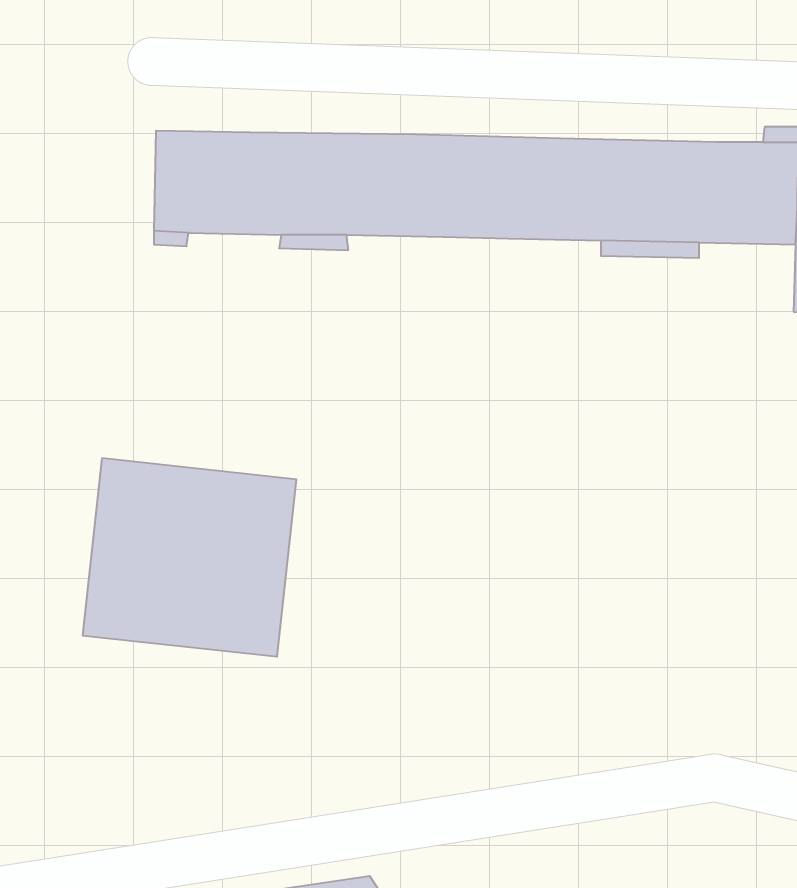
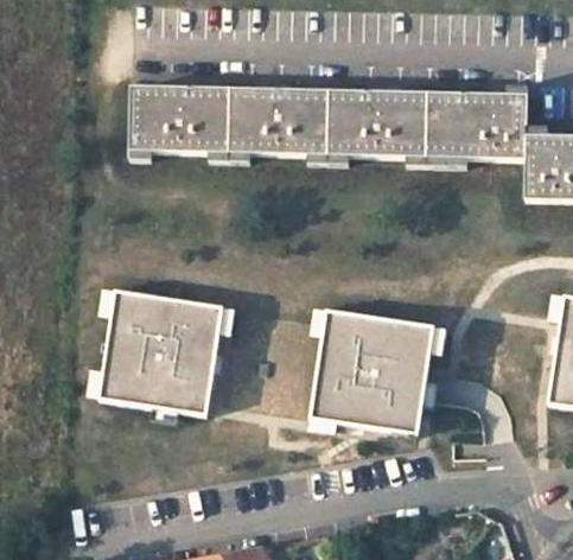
building: none -> [305,307,433,431]

